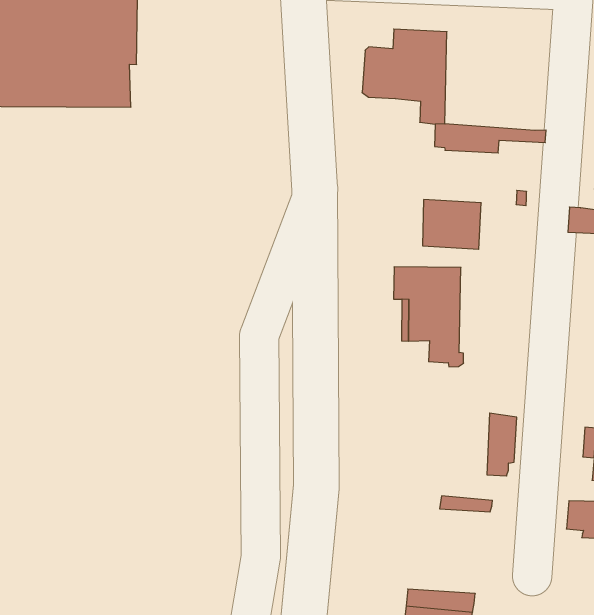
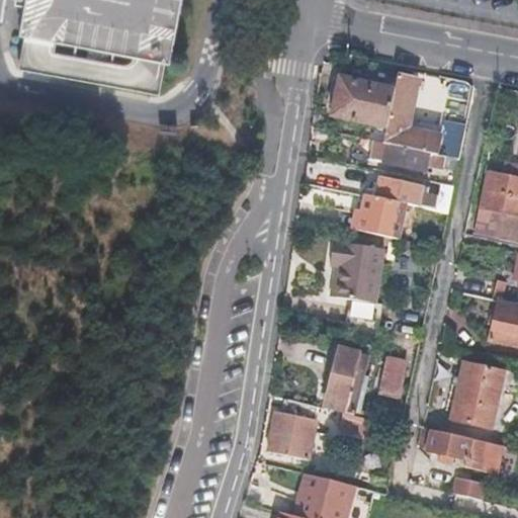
building: none -> [386,75,456,157]
building: none -> [362,177,422,206]
building: none -> [325,346,366,411]
building: none -> [268,399,319,458]

